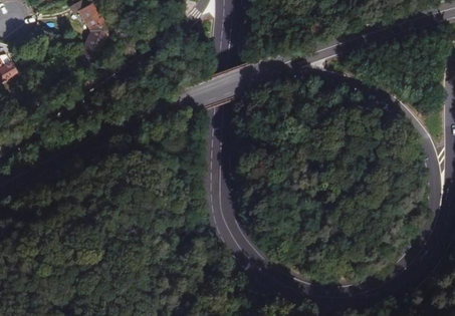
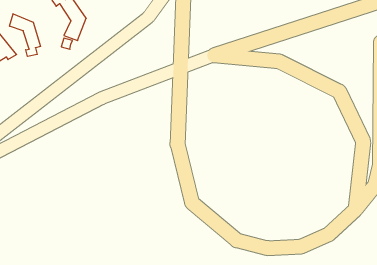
building: none -> [10,14,40,56]

